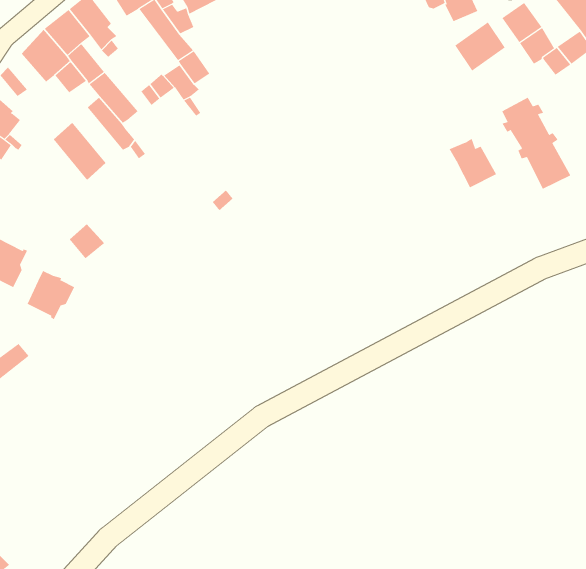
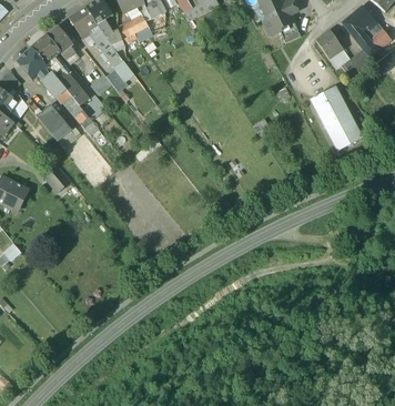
building: [455,21,506,72] -> none
building: [449,138,497,188] -> none
building: [27,270,75,320] -> none

